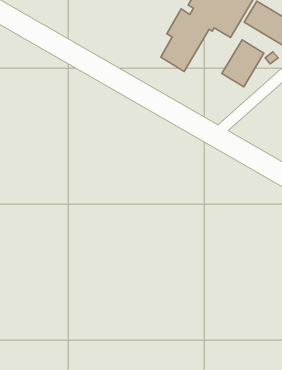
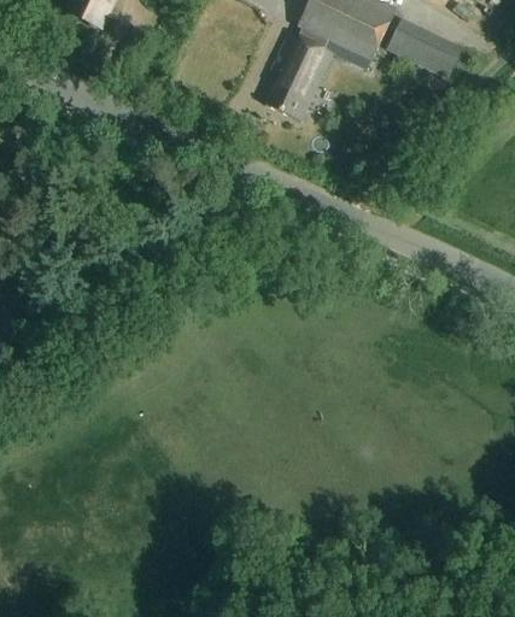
building: [222,40,264,87] -> none

